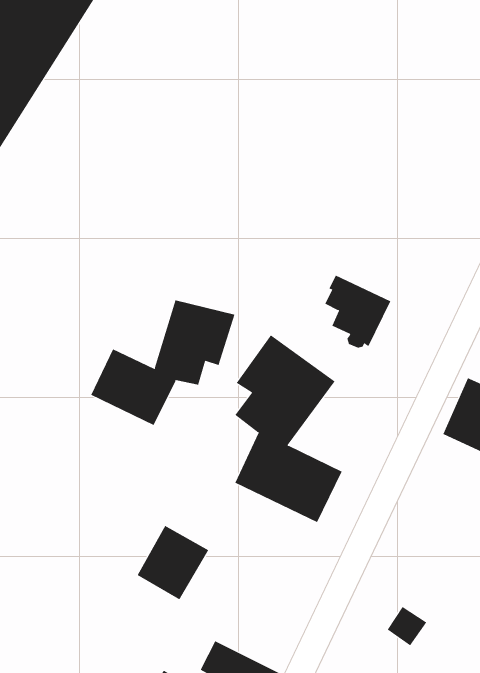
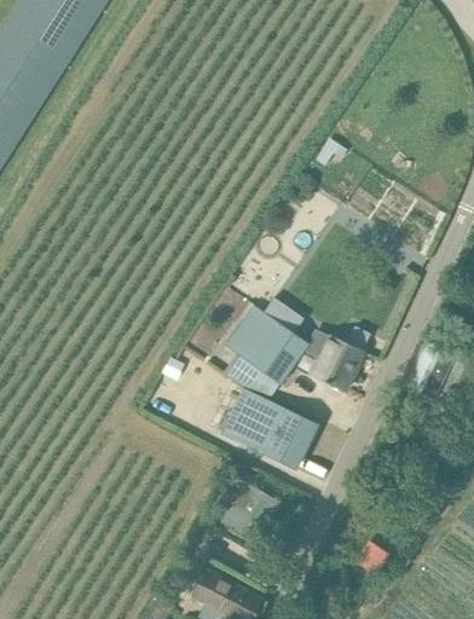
building: [324,275,391,348] -> [304,326,362,391]
building: [90,300,235,426] -> none
building: [137,525,209,600] -> [216,479,279,544]

